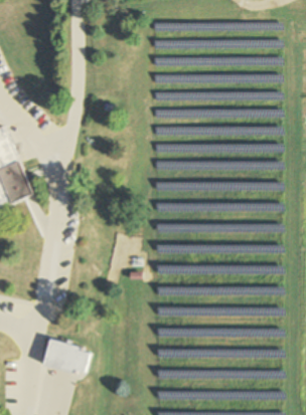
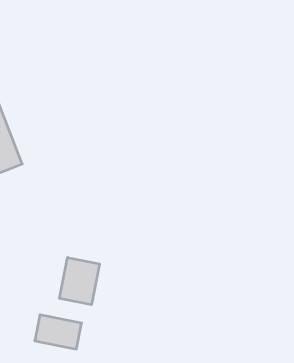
building: none -> [59,257,100,305]

